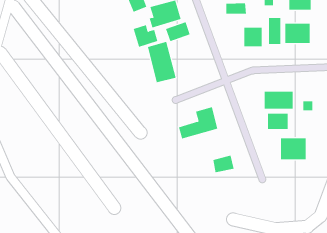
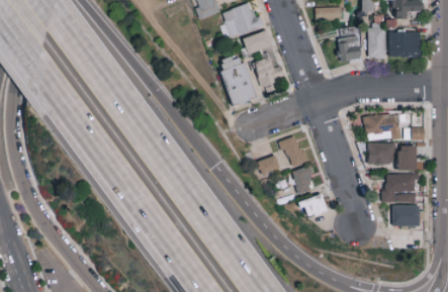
building: [133,25,158,48] -> [255,58,286,86]
building: none -> [398,144,417,170]
building: none -> [292,166,318,193]
building: none -> [393,205,420,225]

